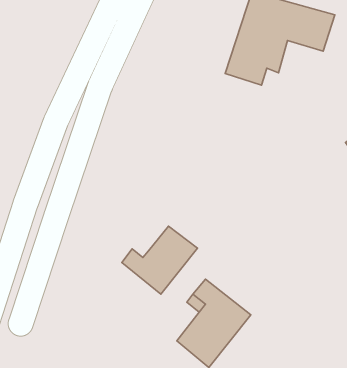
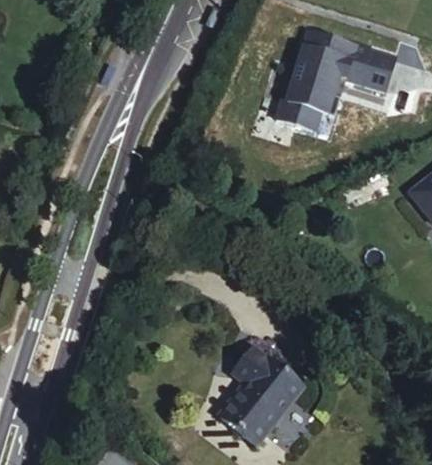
building: [122,226,197,294] -> none

